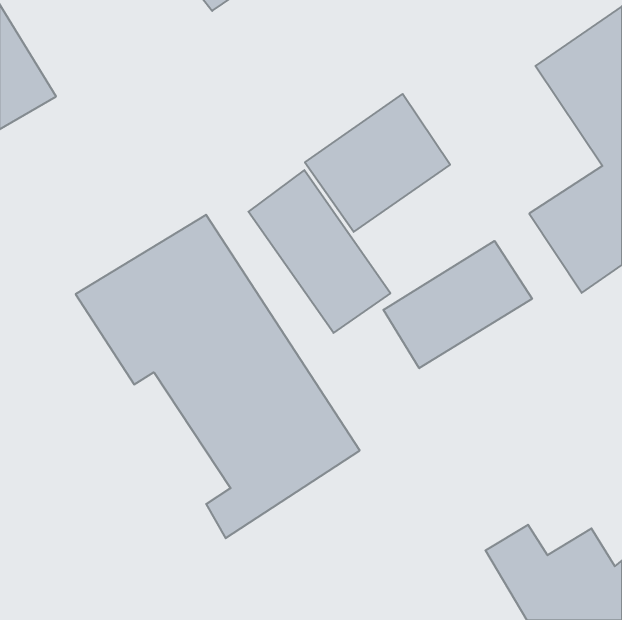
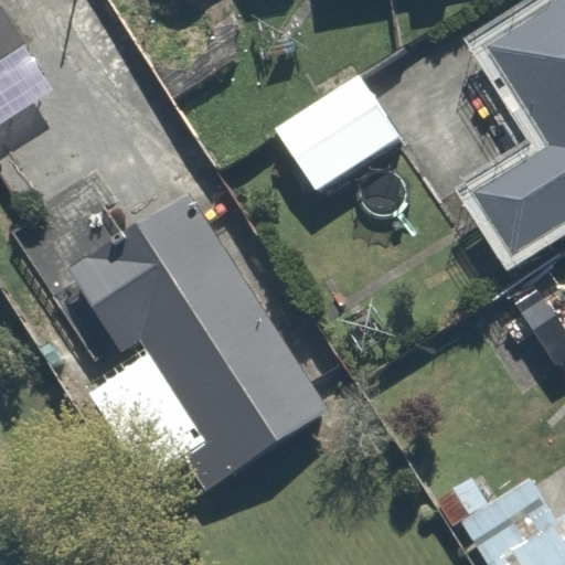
building: [248,170,390,333] -> none
building: [383,241,532,368] -> none

